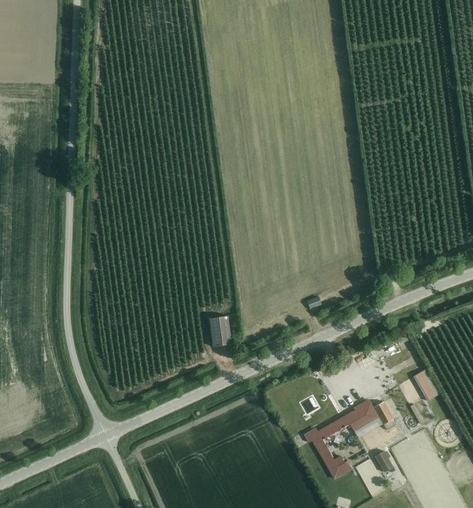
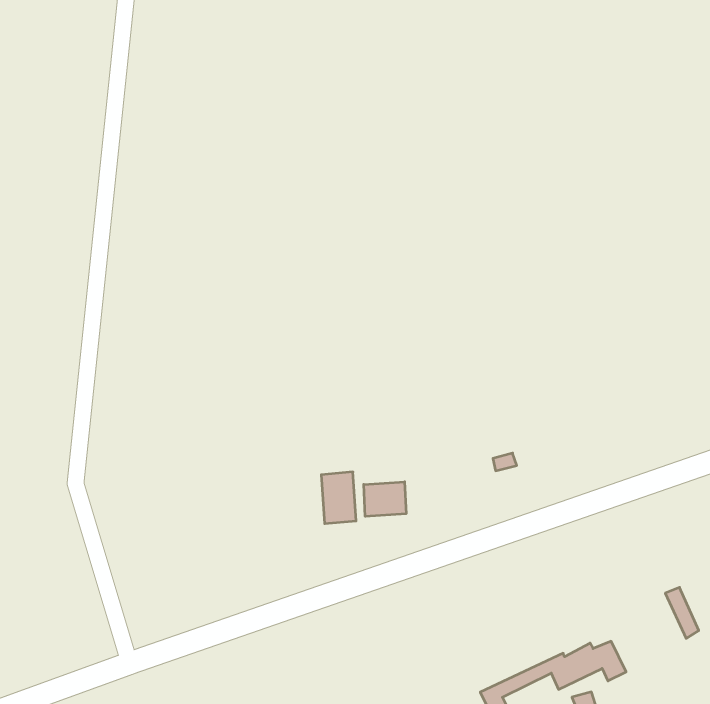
building: none -> [364,482,406,516]

